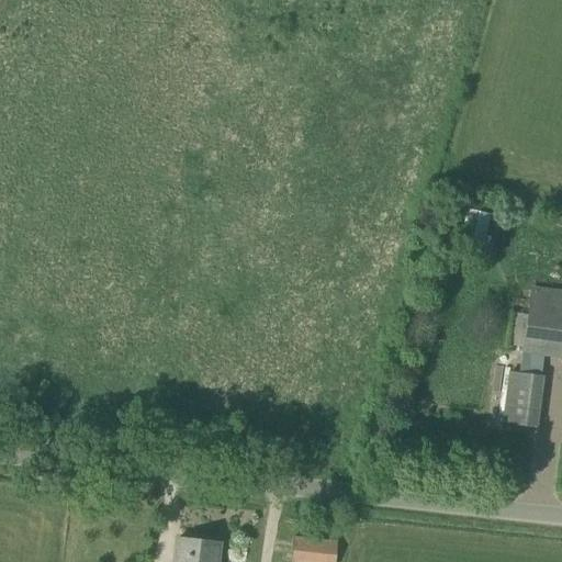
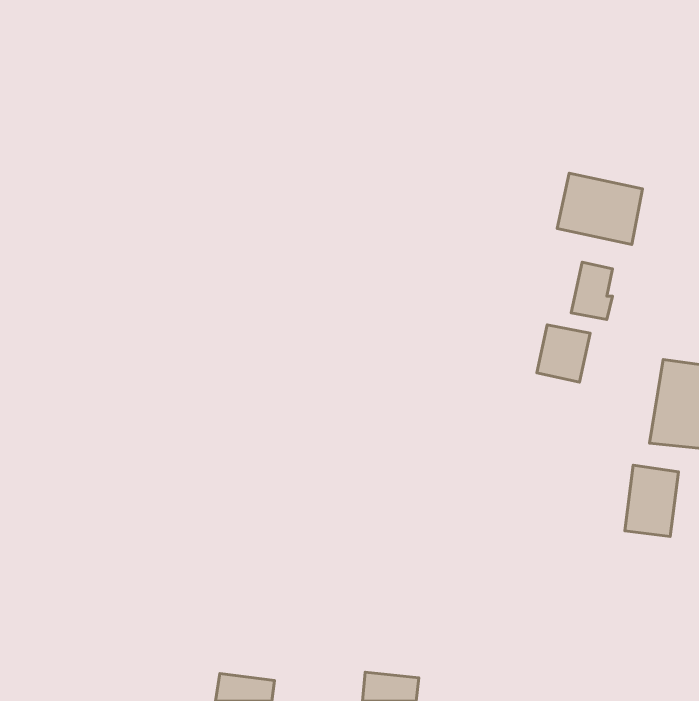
building: none -> [557,173,642,244]
building: none -> [537,325,590,382]

